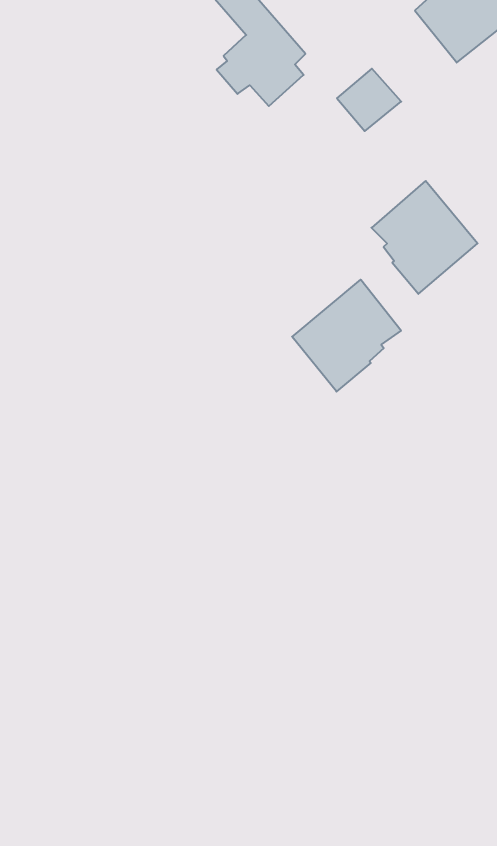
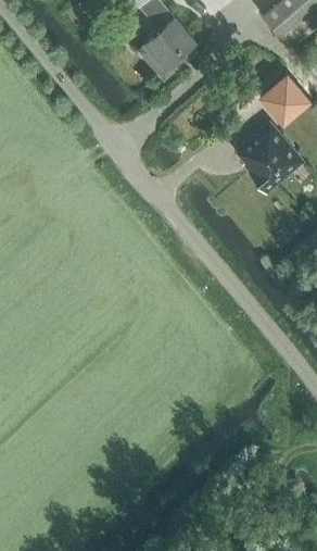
building: [337,69,401,131] -> [267,72,307,111]
building: [292,280,401,392] -> none

